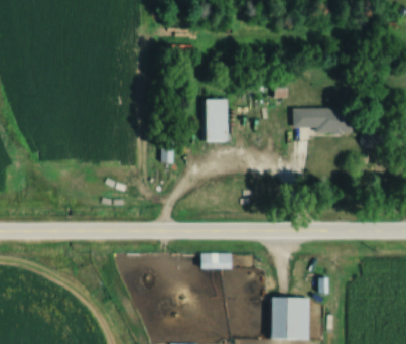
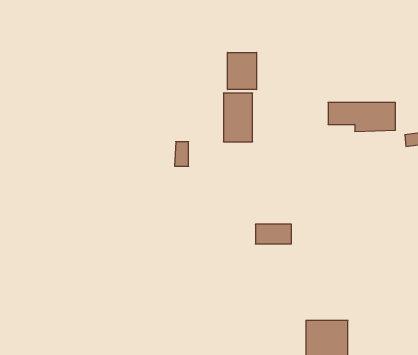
building: none -> [228,52,257,90]
building: [200,253,232,270] -> [255,224,291,244]

